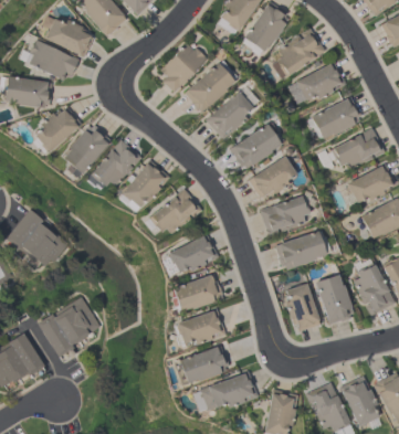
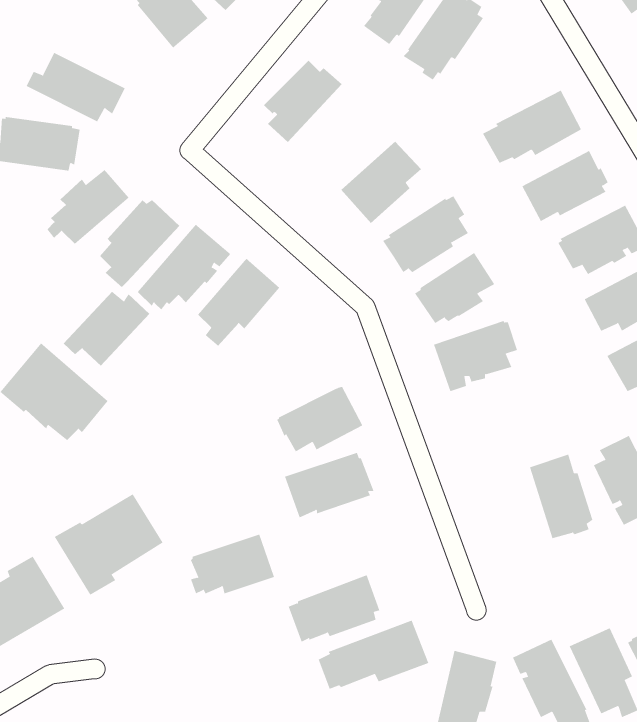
building: [44,15,94,57] -> none
building: [273,28,326,78] -> none
building: [185,63,234,112] -> none
building: none -> [63,291,150,367]
building: [149,189,202,235] -> none
building: [275,231,332,269] -> none
building: [286,284,321,331] -> none
building: [176,309,225,345] -> [190,534,275,594]

